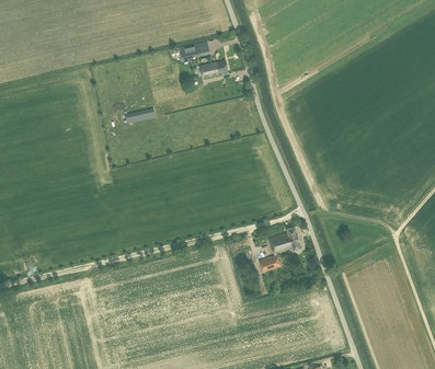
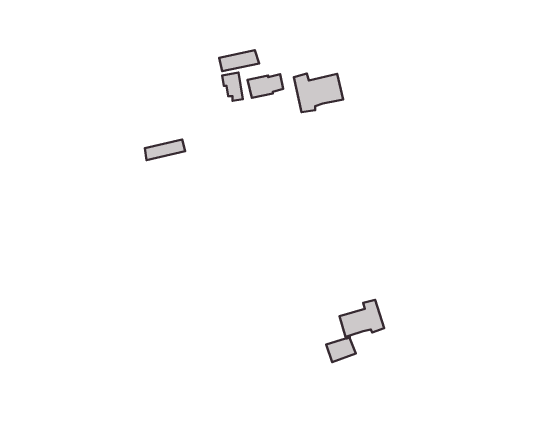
building: none -> [294,74,343,112]

